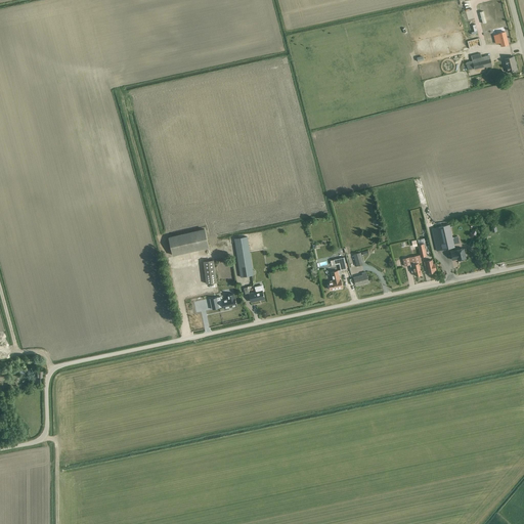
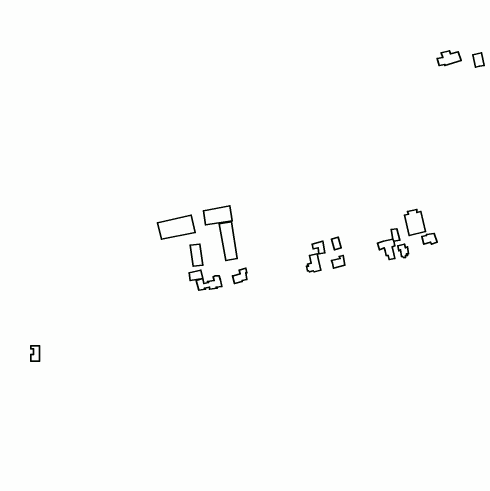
building: none -> [203,206,232,225]

